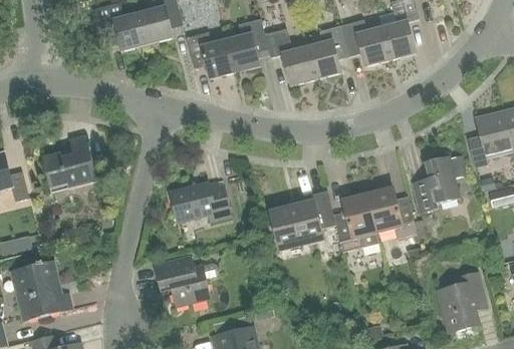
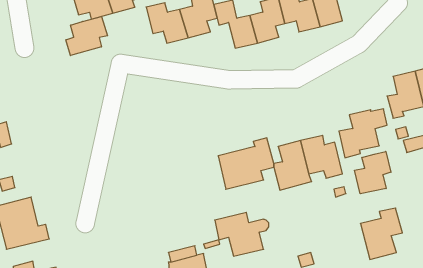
building: none -> [66,16,108,56]
building: [41,134,96,188] -> none
building: [170,179,232,222] -> none
building: none -> [355,151,391,194]
building: [154,254,217,305] -> [215,212,269,256]

